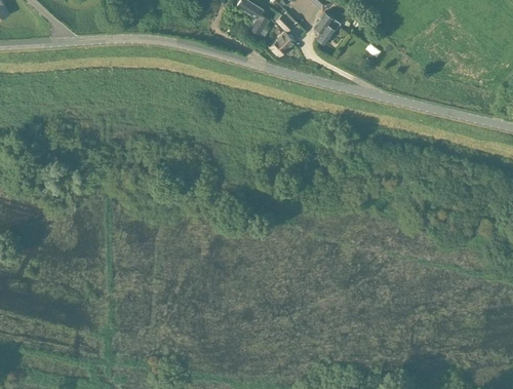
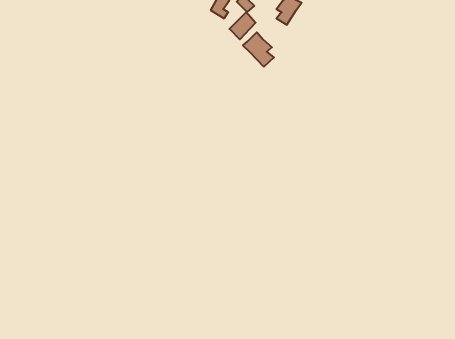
building: none -> [243,32,274,67]

